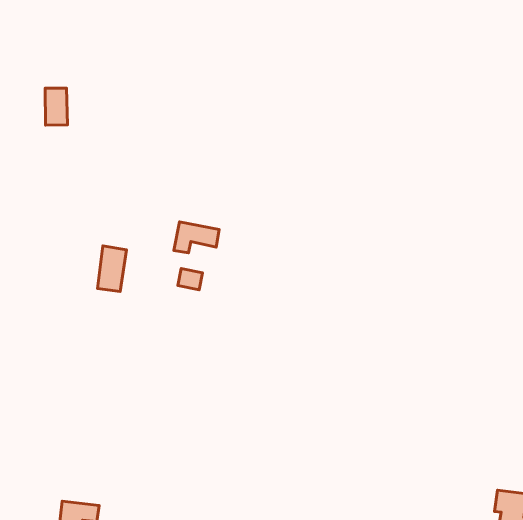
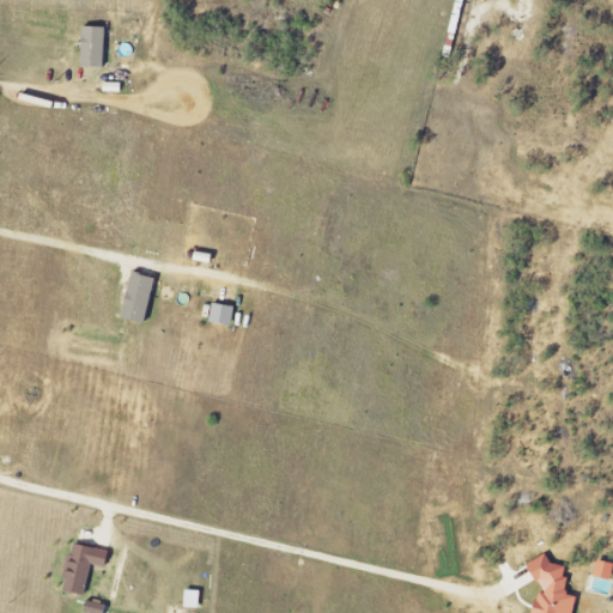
building: [45,88,68,125] -> [79,26,104,67]
building: [174,222,219,253] -> none

